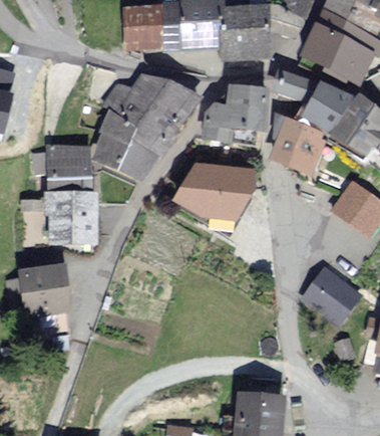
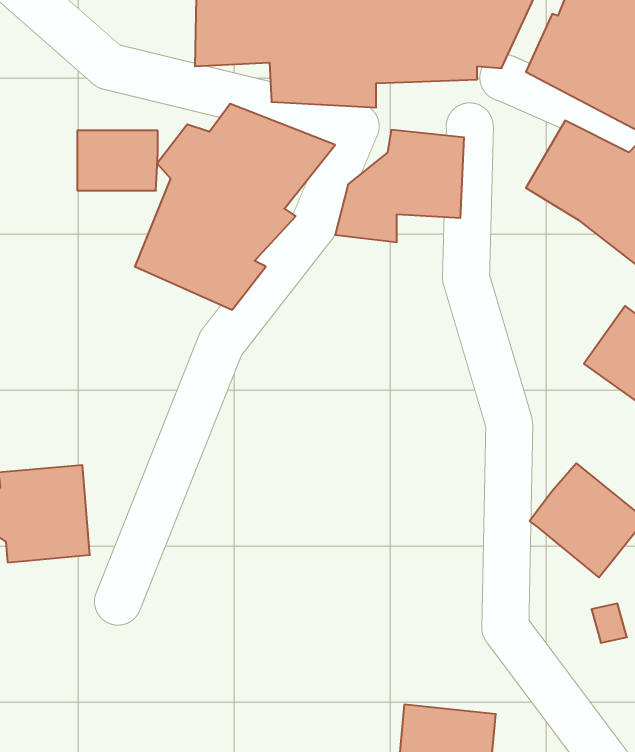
building: [274,67,314,105] -> none
building: [270,116,329,174] -> none
building: [48,146,91,178] -> [77,131,158,191]
building: [168,163,254,220] -> none
building: [44,192,97,247] -> none

